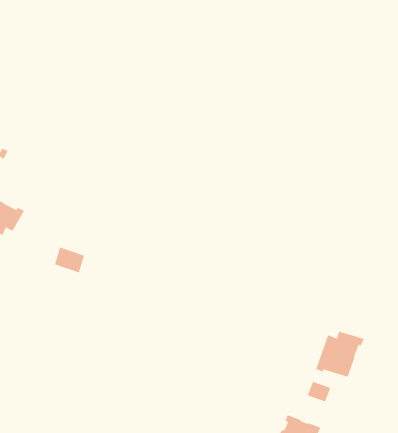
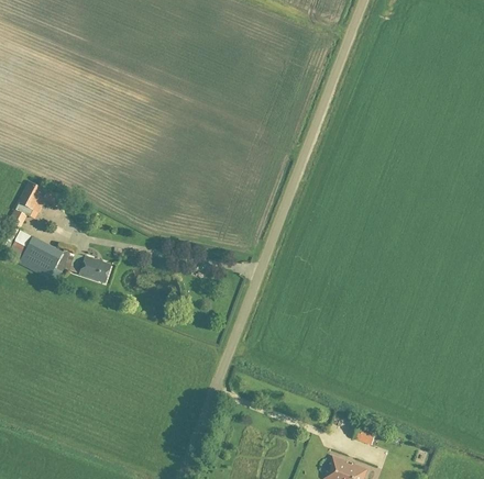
building: [54,247,85,273] -> [80,256,111,282]
building: [315,331,365,377] -> none

